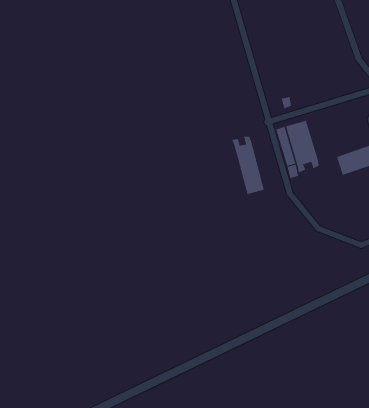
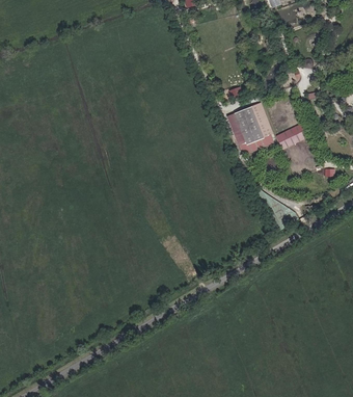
building: [232,136,264,195] -> none

